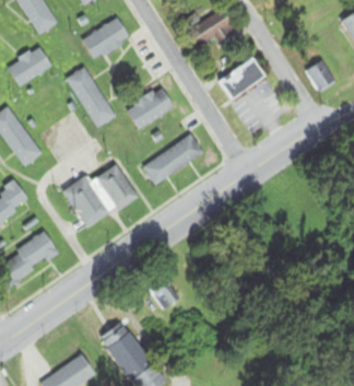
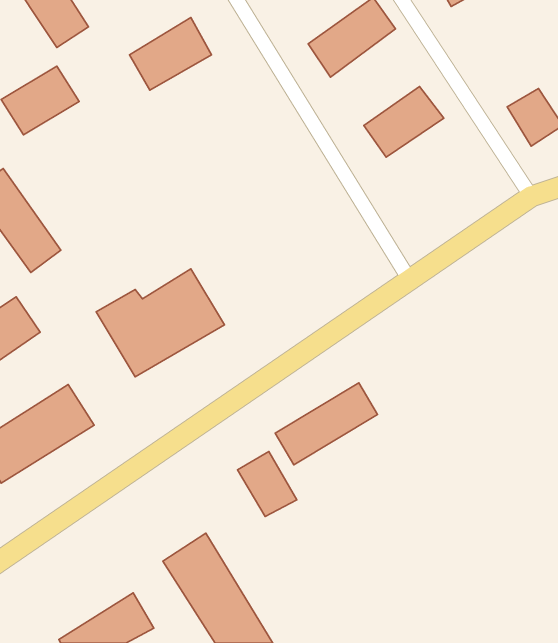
building: [66,66,113,122] -> none
building: [125,86,172,129] -> none
building: [142,134,202,183] -> [275,383,378,465]

